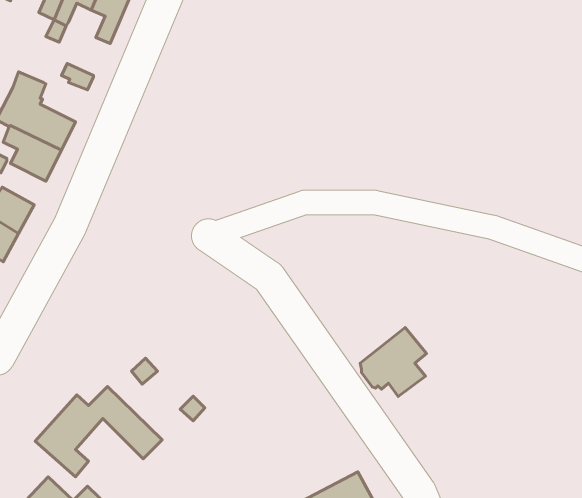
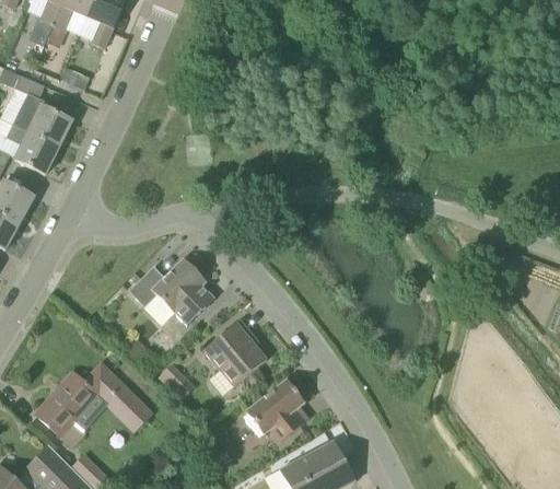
building: none -> [128,257,211,326]
building: [360,328,427,396] -> [244,377,305,441]
building: none -> [202,318,266,386]

